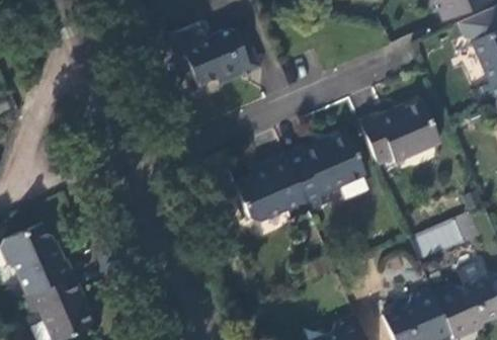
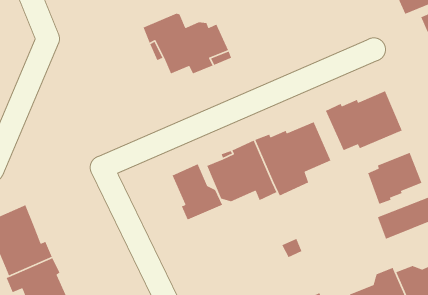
building: none -> [367,152,422,205]
building: none -> [172,163,223,220]

